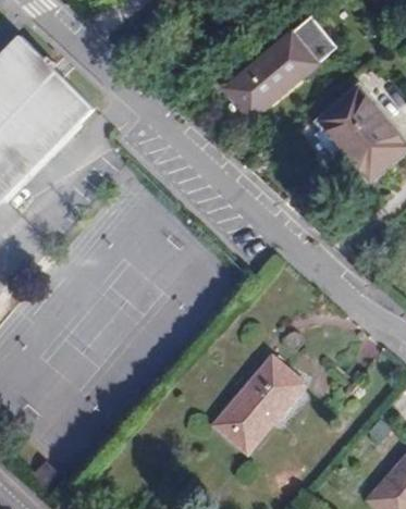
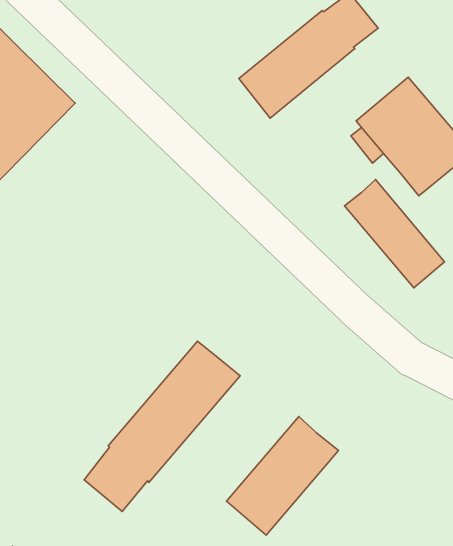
building: none -> [345,180,444,288]
building: none -> [84,341,240,512]

